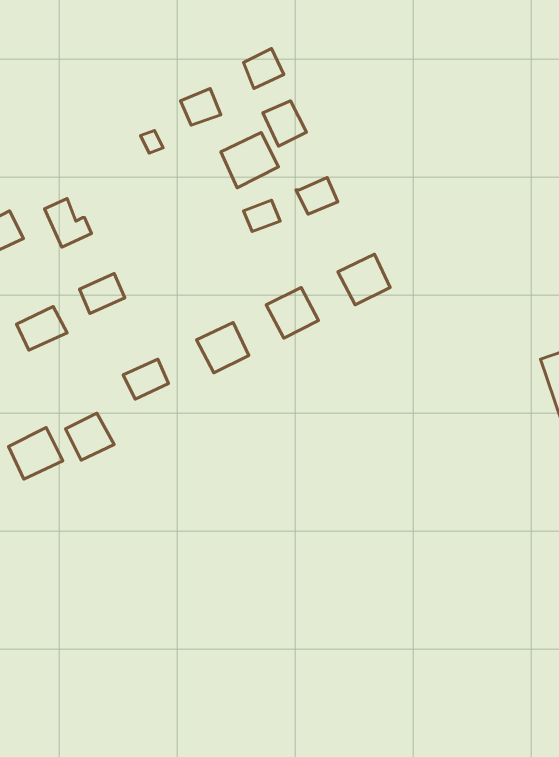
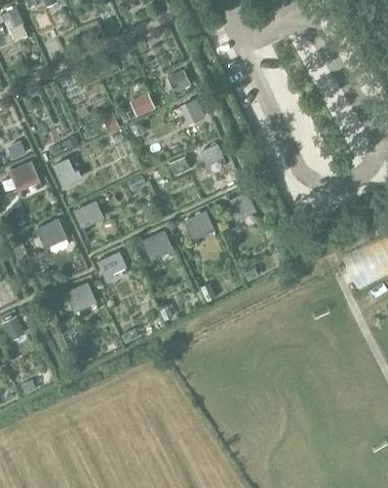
building: [221,133,279,188] -> none
building: [8,428,63,479] -> none

